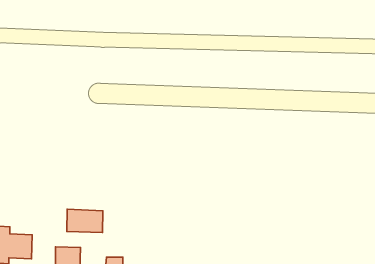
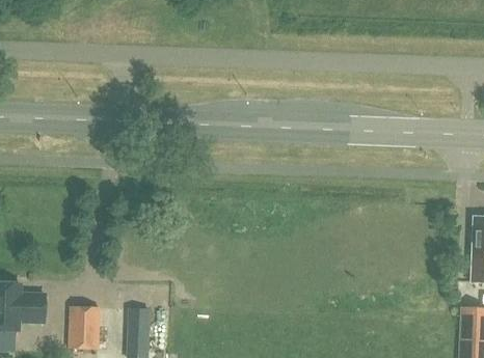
building: [67,209,103,232] -> none

